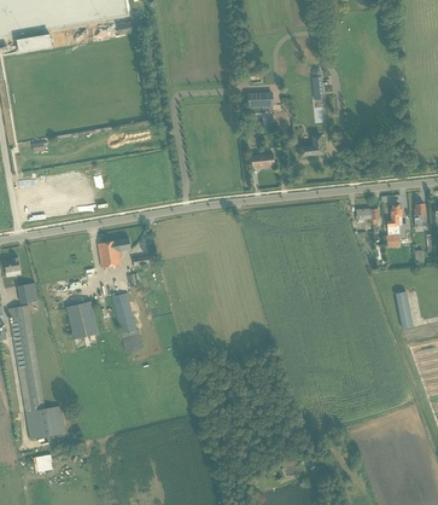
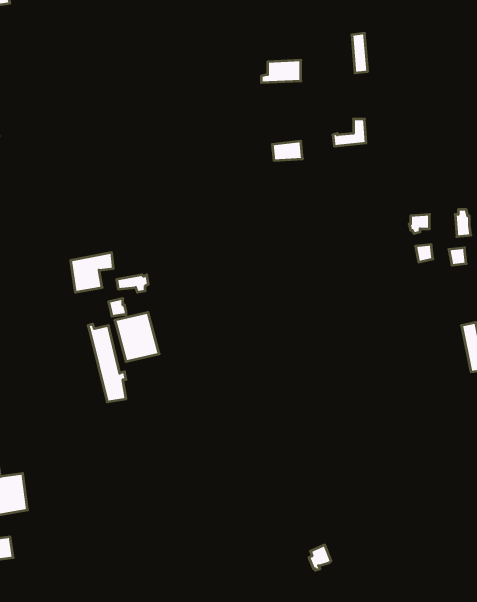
building: [64,301,98,338] -> [115,312,159,362]

